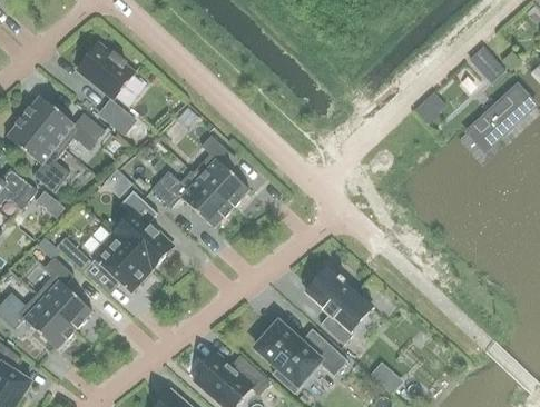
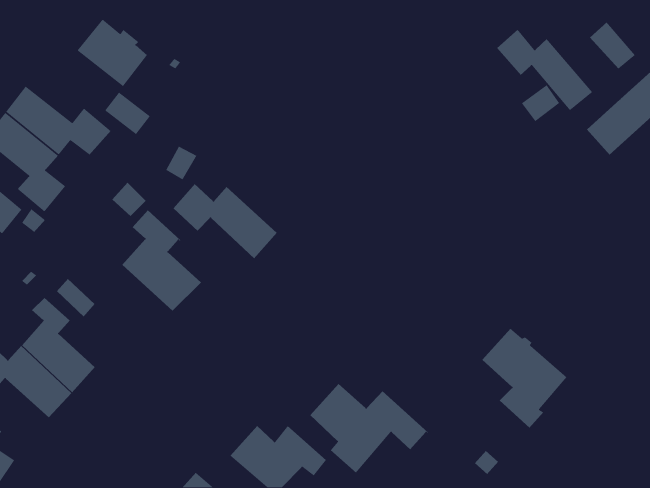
building: none -> [496,29,593,111]
building: [193,135,248,208] -> none
building: [91,232,151,291] -> none
building: [306,268,372,345] -> [481,328,567,428]

